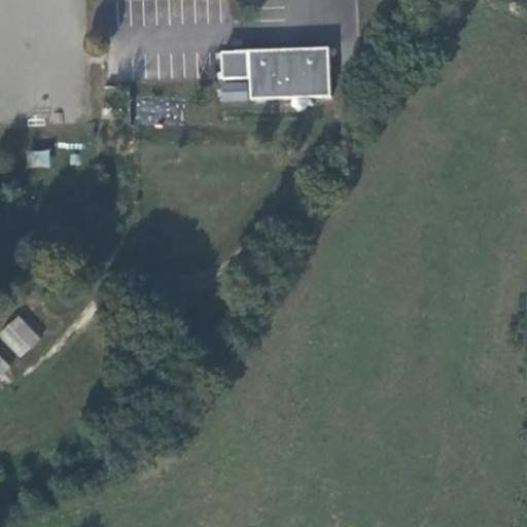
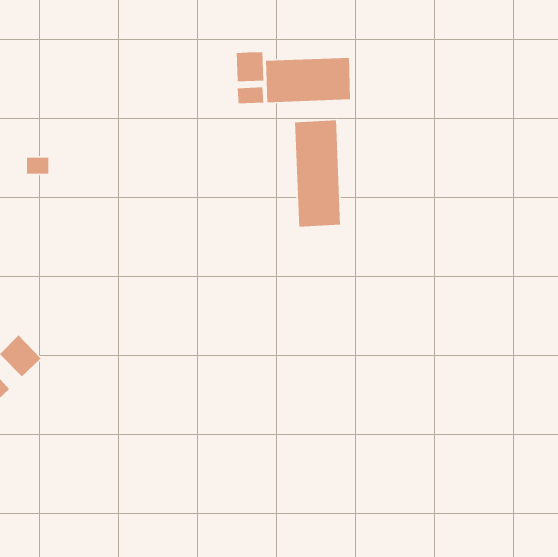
building: none -> [294,119,341,228]

